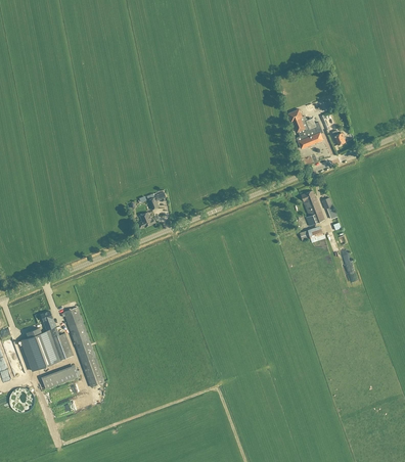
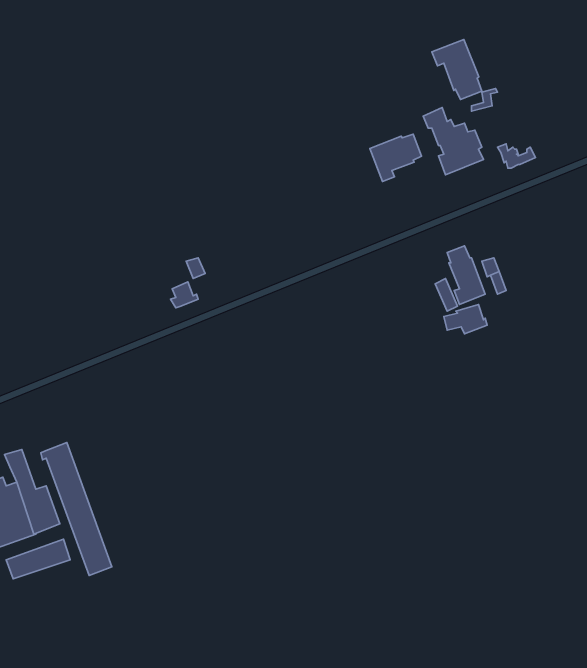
building: none -> [432,39,482,99]
building: none -> [370,134,422,182]

